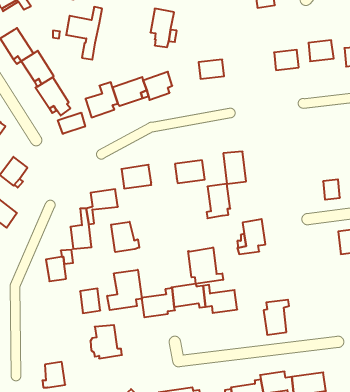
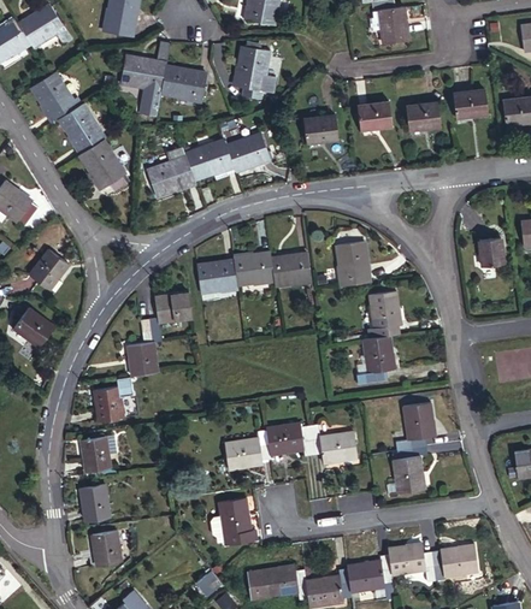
building: none -> [161,65,207,99]
building: none -> [358,101,393,130]
building: [58,113,85,134] -> none
building: none -> [234,252,273,284]
building: [323,179,340,200] -> [480,238,503,266]
building: [207,184,230,218] -> [368,291,401,338]
building: [111,222,139,252] -> none
building: [188,247,223,284] -> none
building: none -> [396,403,435,449]
building: [107,270,142,310] -> none
building: [80,289,100,313] -> [82,437,110,471]
building: [90,325,122,358] -> [213,498,256,544]
building: none -> [81,485,108,520]

